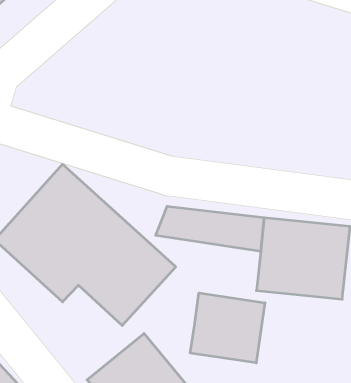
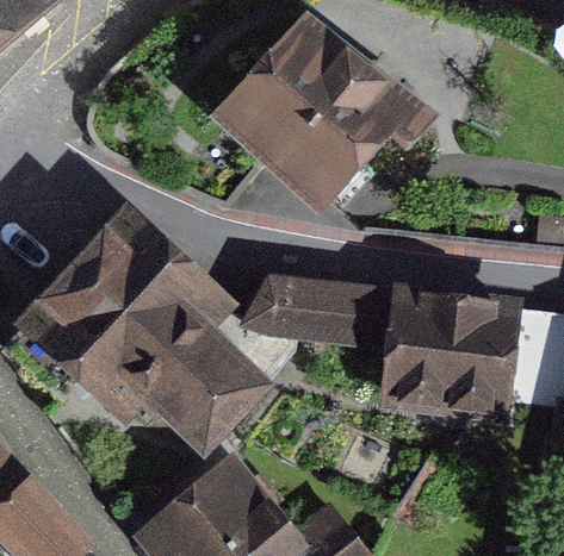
building: none -> [221,29,402,210]
building: [190,293,265,363] -> none

